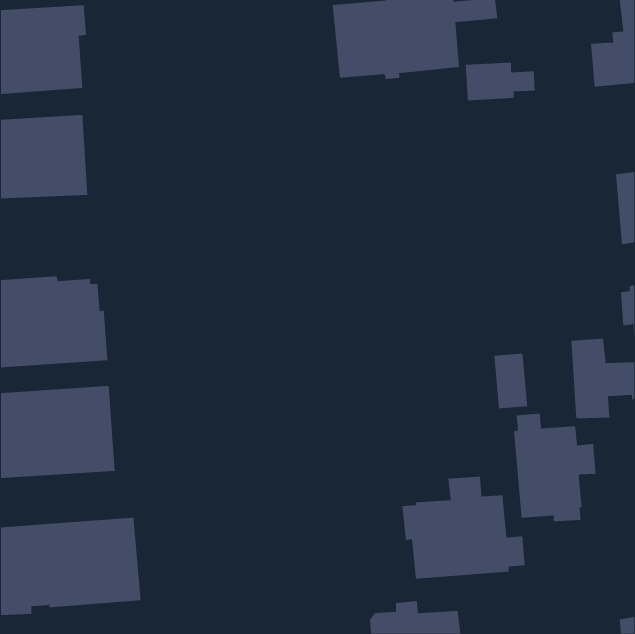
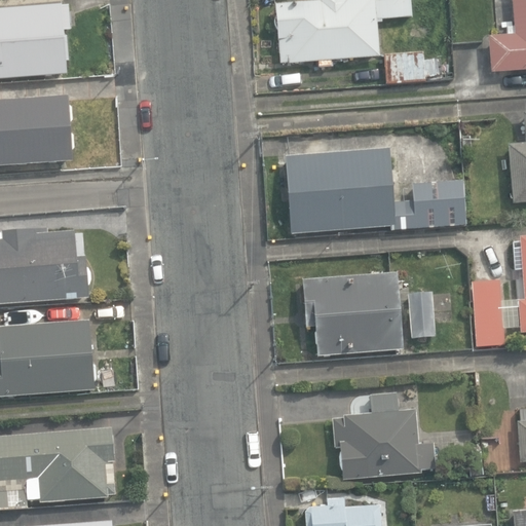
building: none -> [286,132,465,234]
building: none -> [302,272,403,355]
building: [514,413,596,522] -> none

